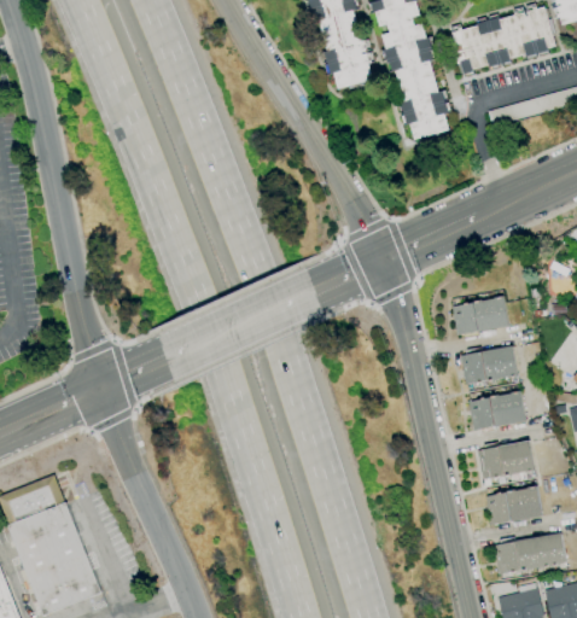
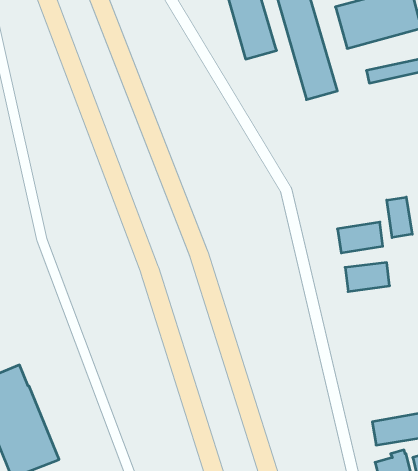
building: none -> [387,197,412,238]
building: [468,393,525,428] -> none
building: [477,441,535,479] -> none
building: [486,486,543,525] -> none

